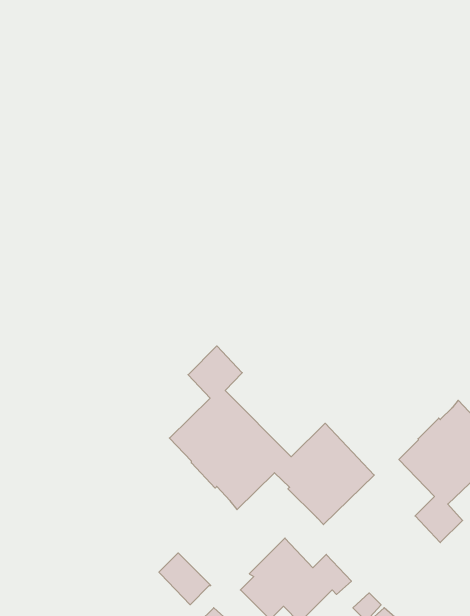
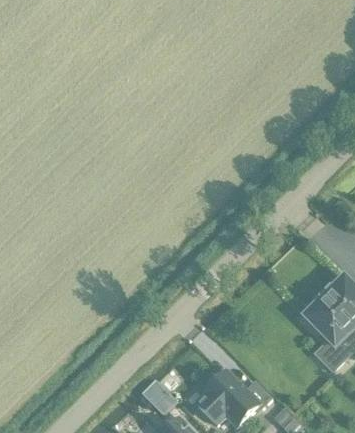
building: [169,346,374,525] -> none

